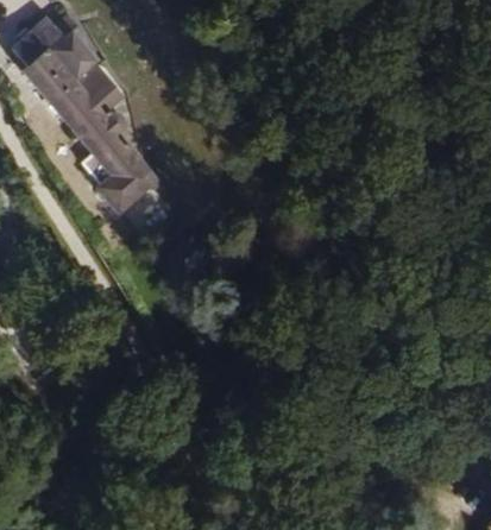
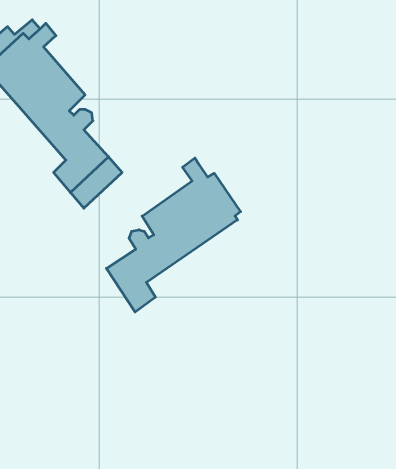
building: none -> [106,158,241,312]

